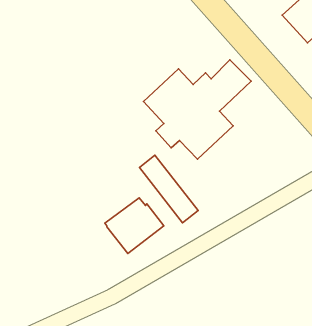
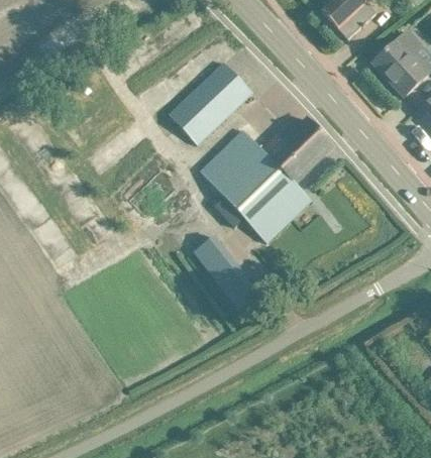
building: none -> [170,63,253,145]
building: [105,198,164,254] -> none

